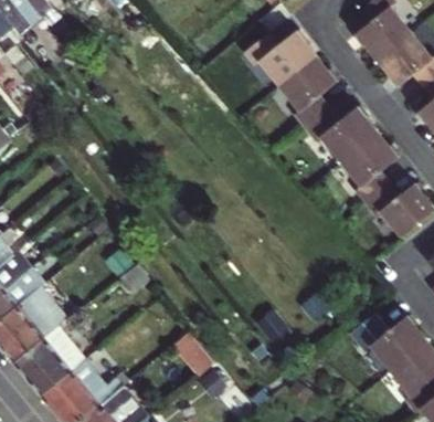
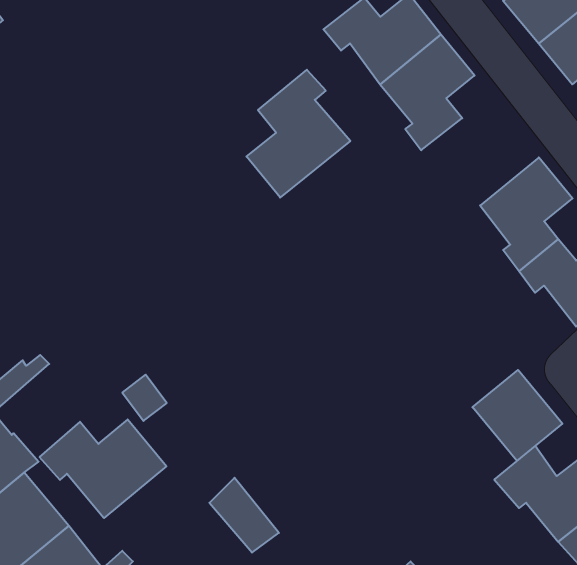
building: none -> [246,70,350,198]
building: [304,106,377,161] -> none
building: none -> [472,370,562,461]
building: none -> [40,419,166,518]

